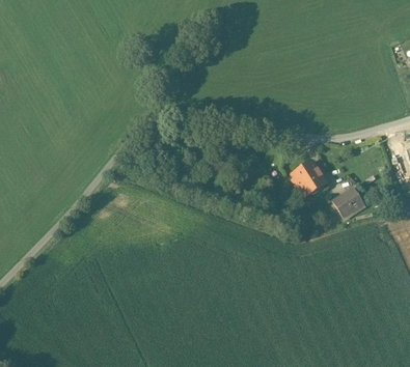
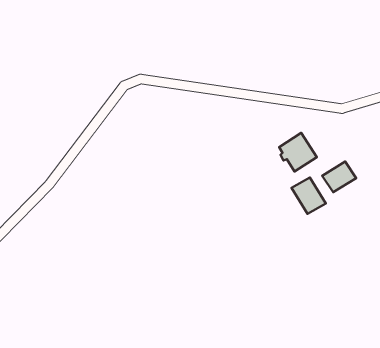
building: none -> [291,177,326,214]

